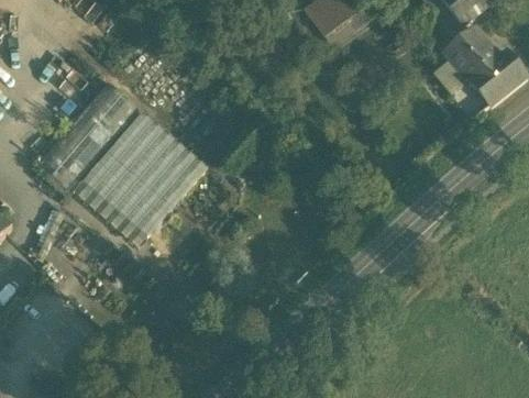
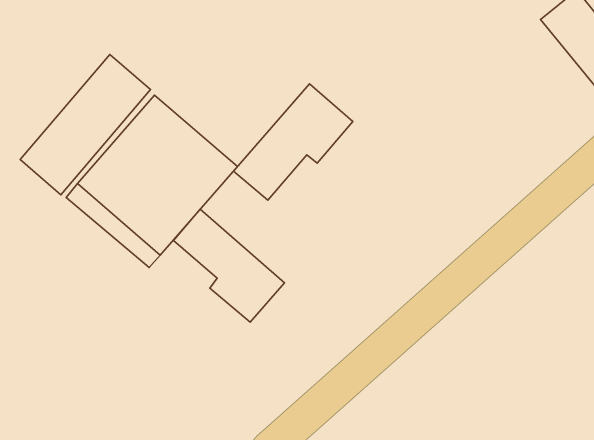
building: none -> [234,84,353,200]
building: none -> [174,209,284,322]

